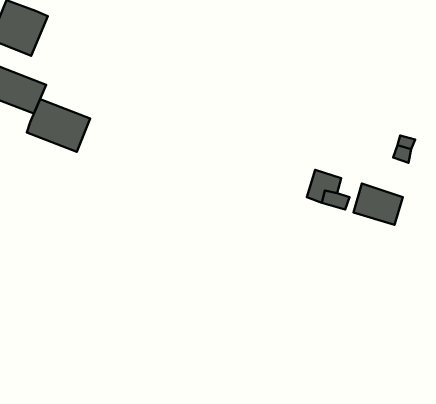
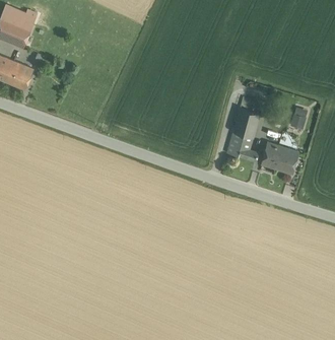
building: [27,99,90,152] -> none
building: none -> [233,109,260,138]

